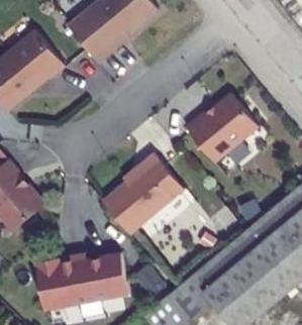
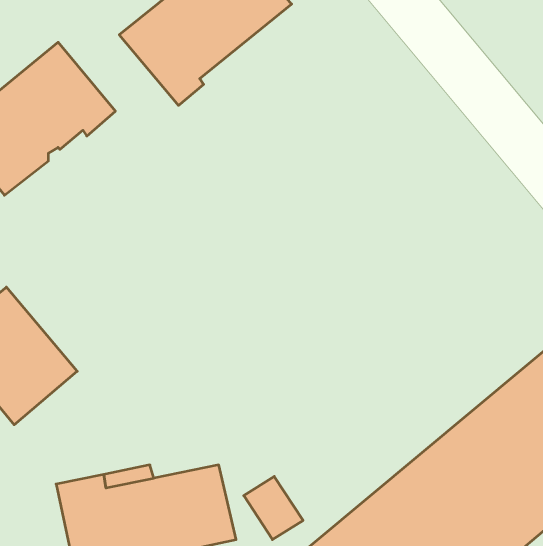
building: [184,93,257,161] -> none
building: [101,152,182,233] -> none

